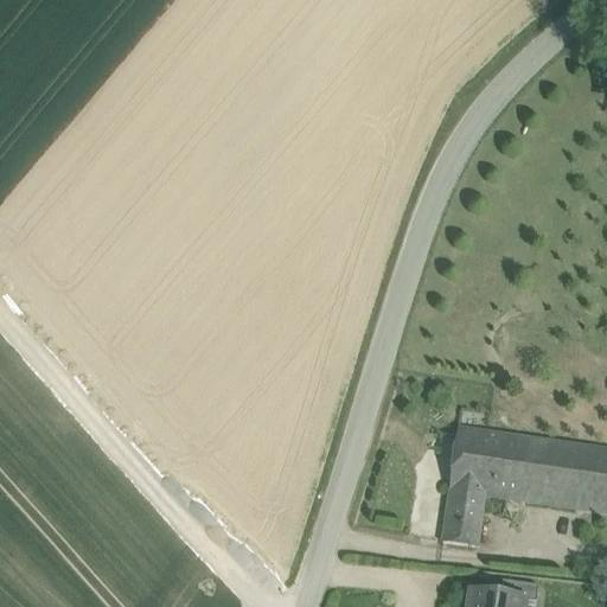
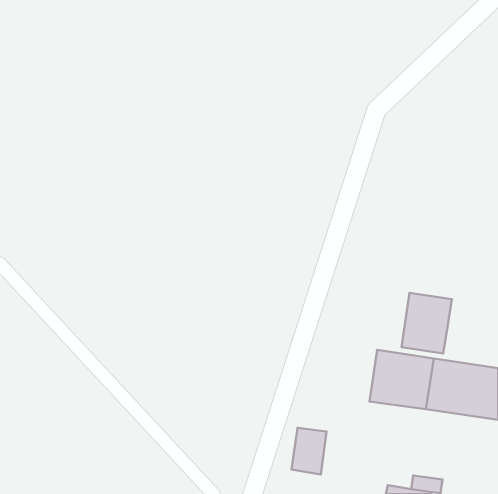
building: none -> [402,293,452,353]
building: [442,488,485,545] -> [291,428,327,474]

